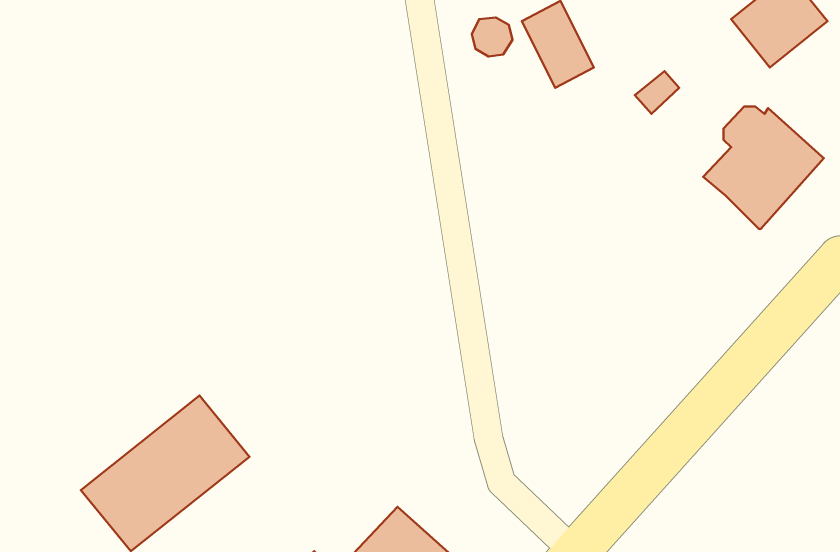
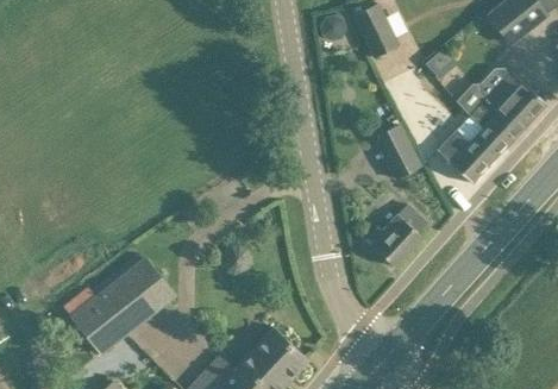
building: none -> [437,114,504,182]
building: none -> [374,123,420,177]
building: none -> [368,205,425,265]

